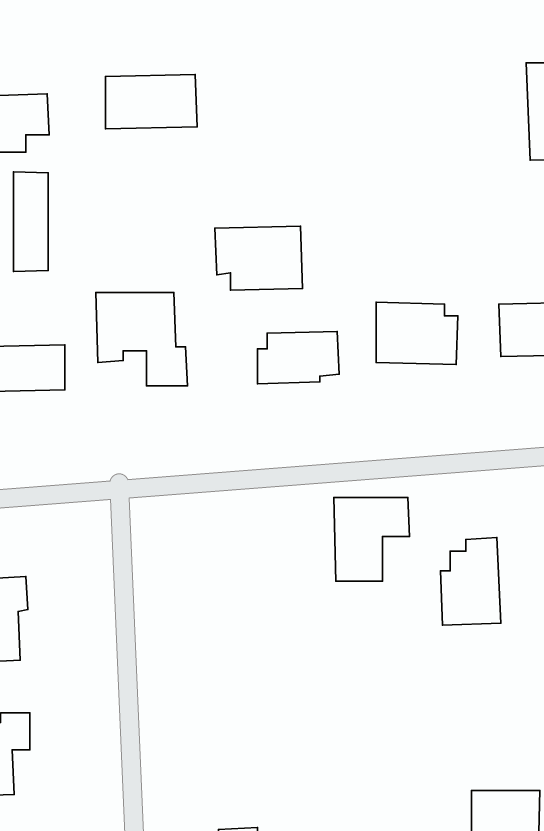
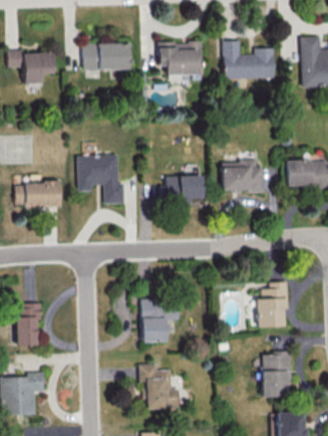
building: none -> [223,41,275,79]
building: [13,172,48,271] -> none
building: [215,226,302,290] -> [158,42,204,75]
building: [334,498,410,581] -> [141,299,181,343]
building: none -> [261,352,291,398]
building: none -> [139,365,180,410]

